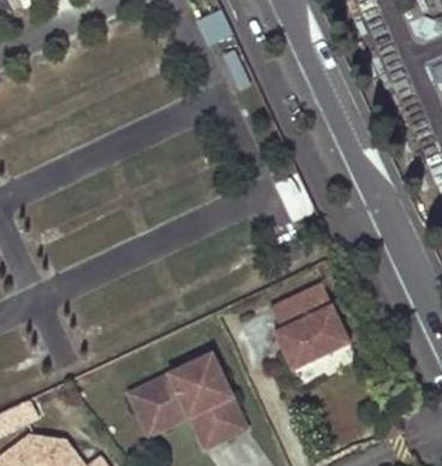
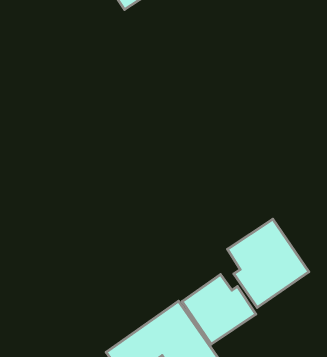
building: none -> [182,275,256,344]

